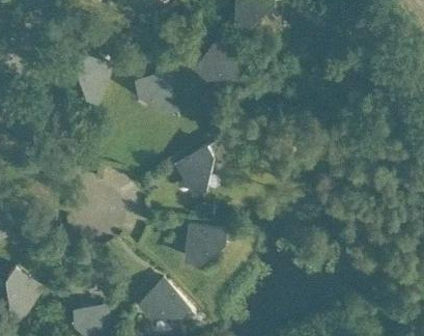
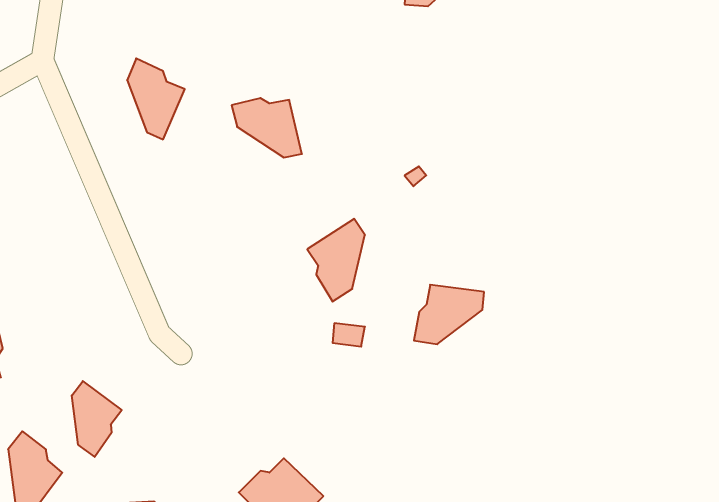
building: [195,46,244,77] -> none
building: [183,227,224,261] -> [414,285,484,344]
building: none -> [72,381,122,457]

